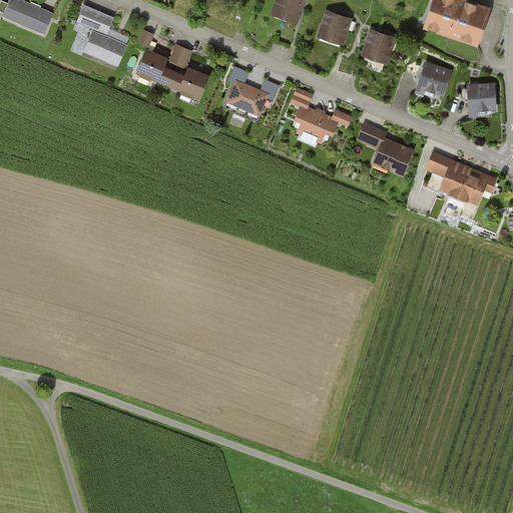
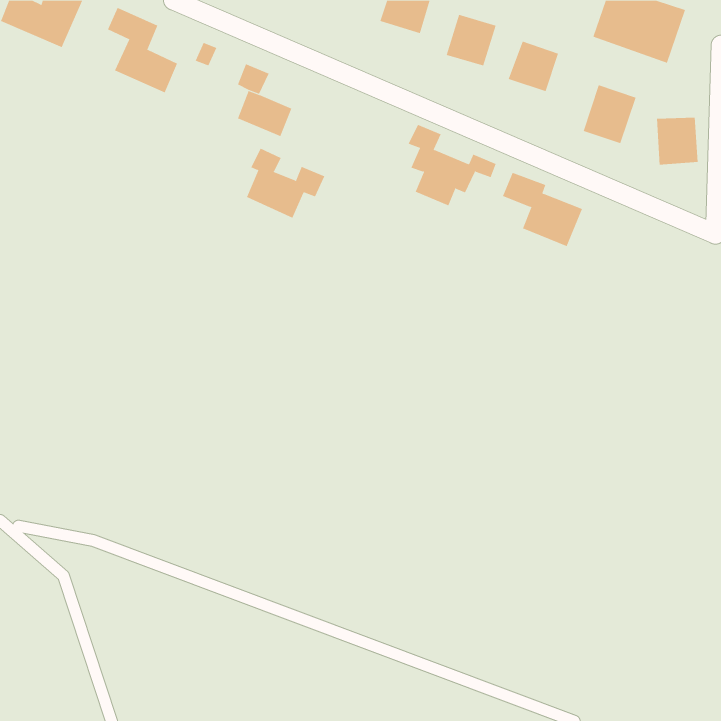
building: [137,51,176,84] -> none
building: [224,66,281,116] -> [246,148,325,218]
building: [425,150,497,203] -> none

